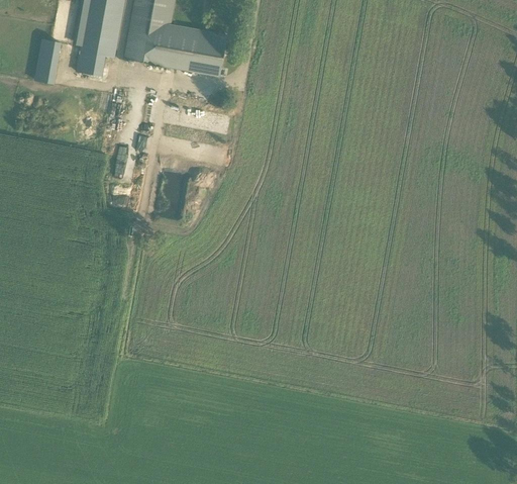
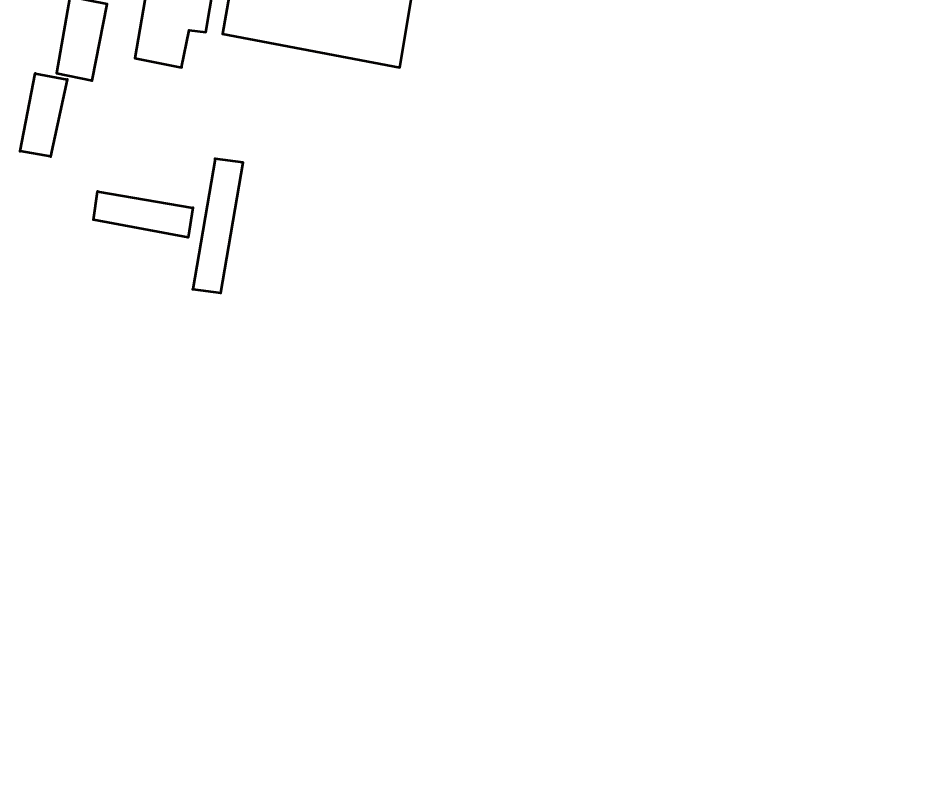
building: none -> [20,73,67,157]
building: none -> [93,191,193,237]

